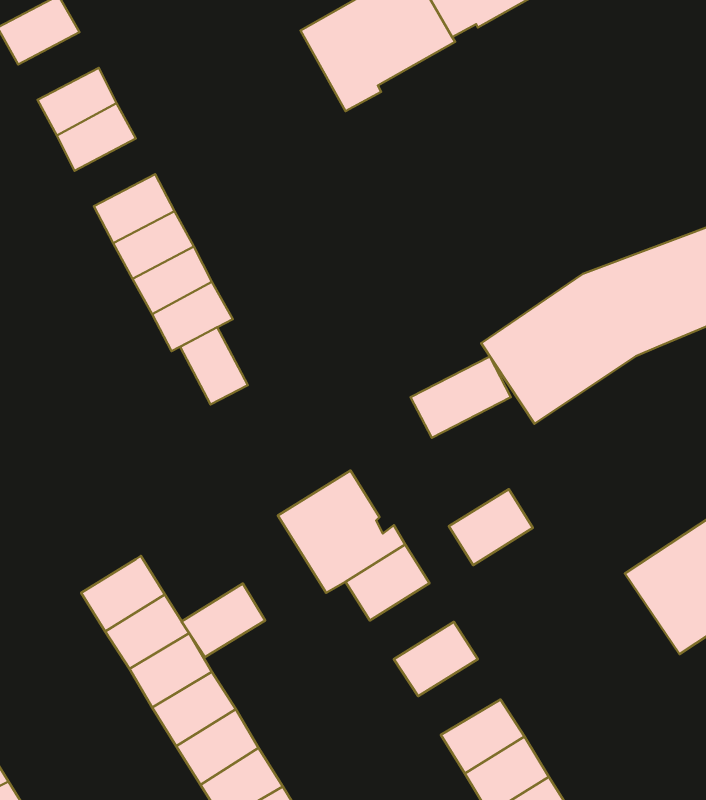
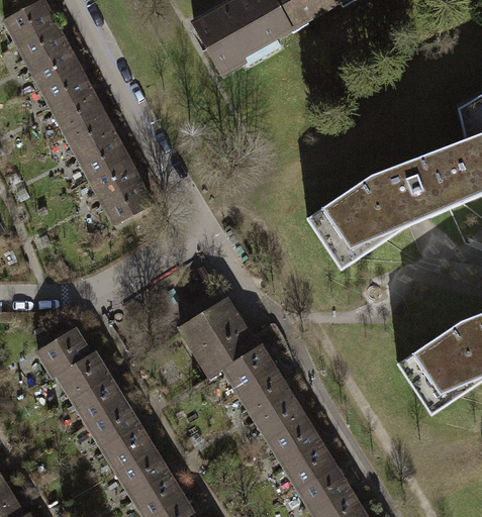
building: none -> [18,24,69,67]
building: none -> [54,91,104,133]
building: [180,327,248,405] -> none
building: [411,356,511,438] -> none
building: [449,489,533,565] -> [238,370,291,417]
building: none -> [38,329,92,378]
building: [182,583,265,657] -> none
building: none -> [269,417,320,464]

